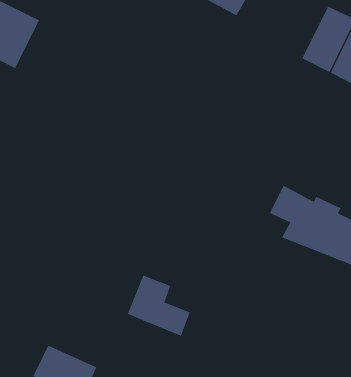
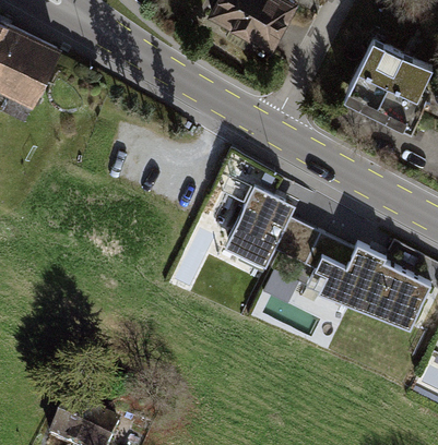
building: none -> [228,189,323,265]
building: [127,275,190,337] -> [258,273,327,339]

